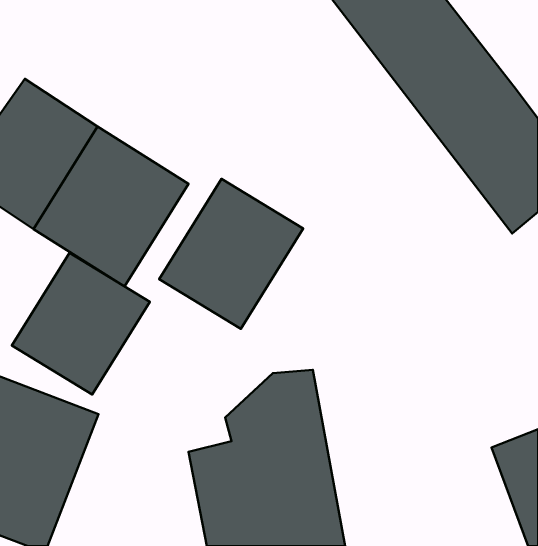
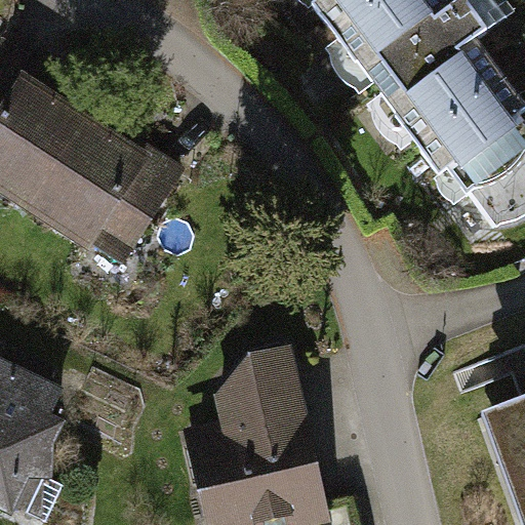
building: [159,179,303,329] -> none
building: [12,253,150,395] -> none

